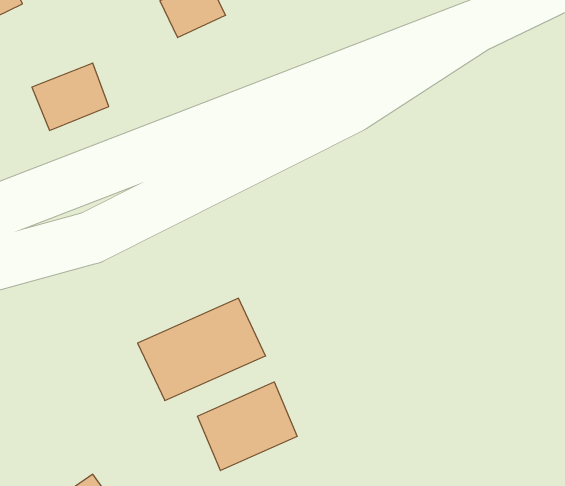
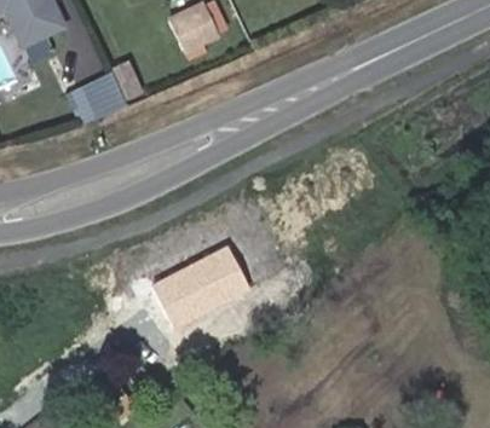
building: [198,382,297,471] -> none

